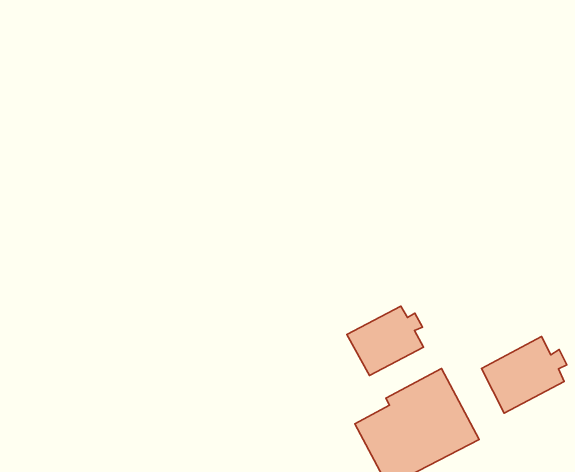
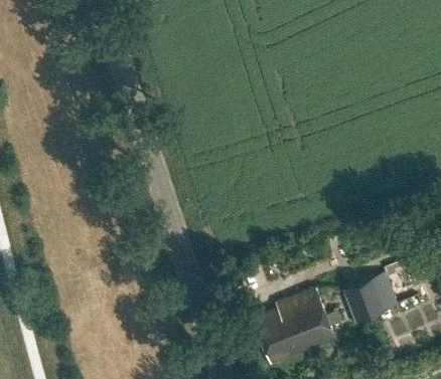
building: [347,306,423,376] -> none

